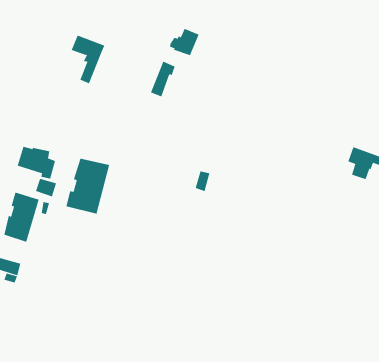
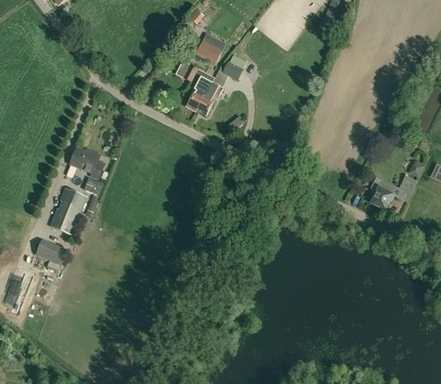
building: none -> [194,34,224,63]
building: [71,35,105,84] -> [182,65,214,111]
building: [66,158,110,214] -> none

